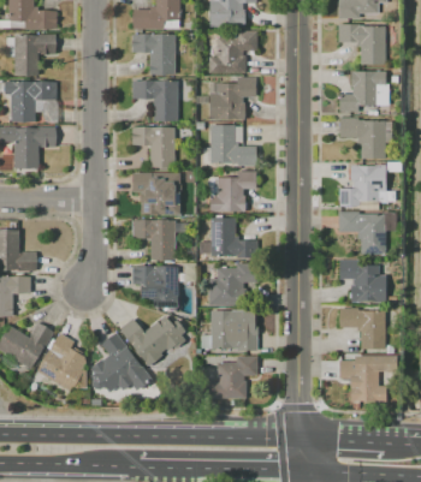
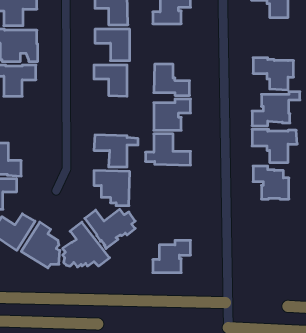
building: [340,70,389,111] -> none
building: [209,77,256,119] -> none
building: [132,172,179,214] -> none
building: [208,262,257,304] -> none
building: [339,307,385,349] -> none
building: [200,310,257,350] -> none
building: [339,355,398,409] -> none

